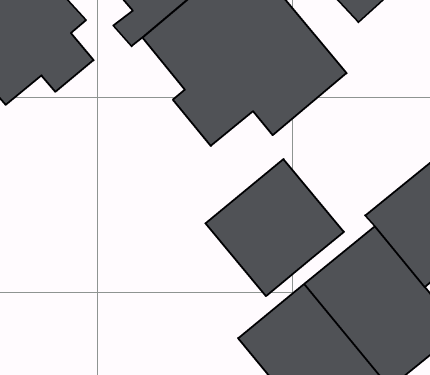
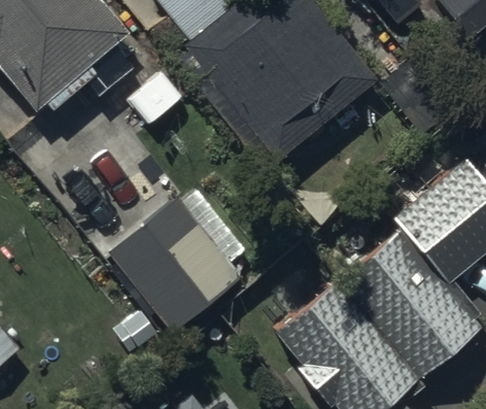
building: [205,159,344,296] -> none
building: none -> [108,195,242,331]

